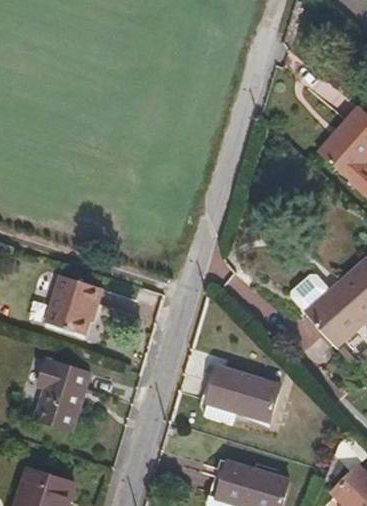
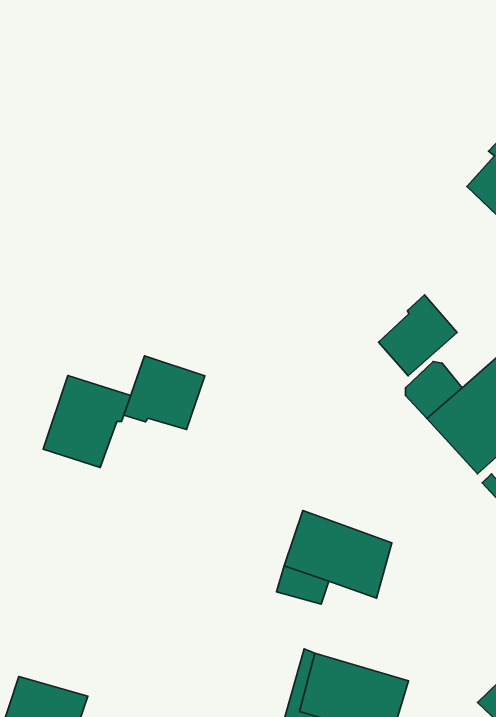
building: none -> [379,295,457,376]
building: none -> [124,356,205,430]
building: [39,360,93,431] -> none

